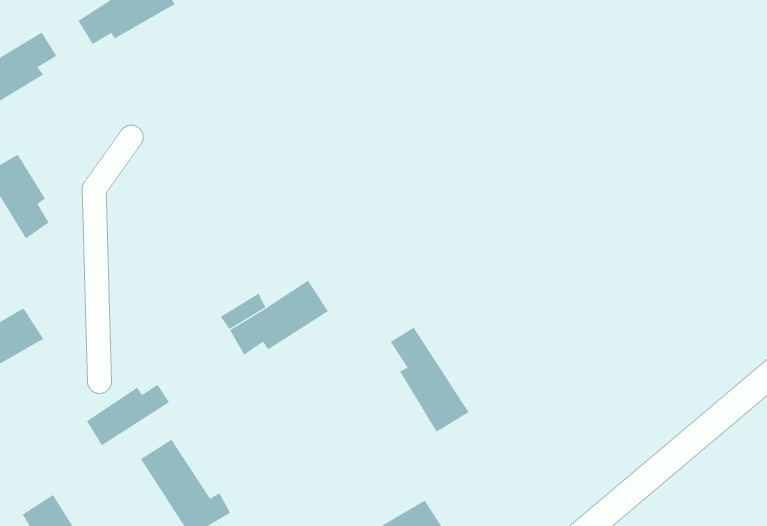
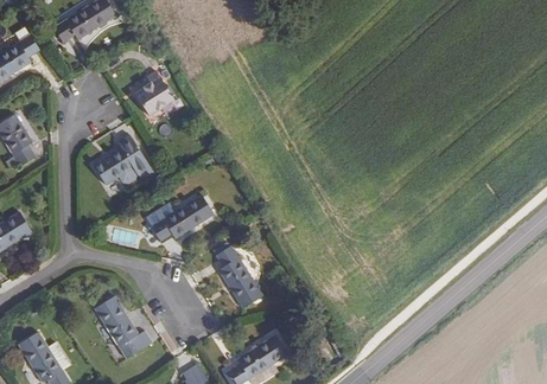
building: none -> [134,70,174,116]
building: none -> [91,134,154,186]
building: [390,327,469,432] -> [211,241,262,308]
building: [86,384,170,446] -> none

